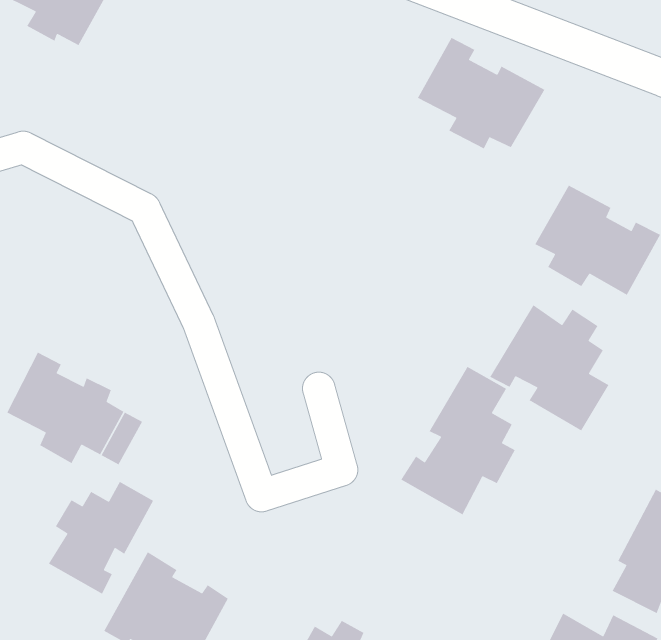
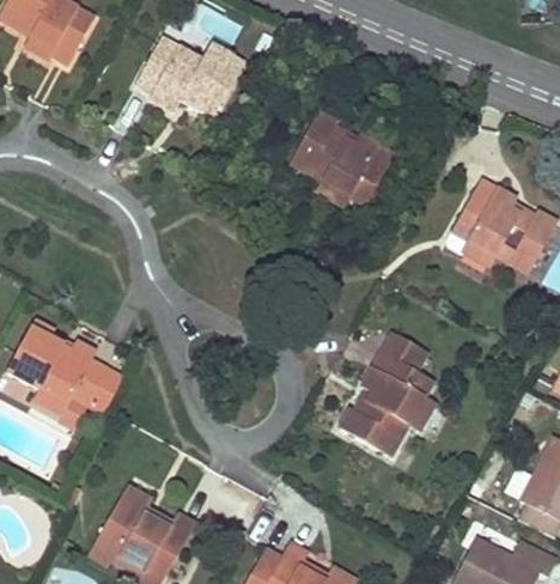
building: none -> [136,36,244,117]
building: [417,37,545,150] -> [290,110,397,205]
building: [489,304,609,432] -> none
building: [48,481,154,595] -> none

